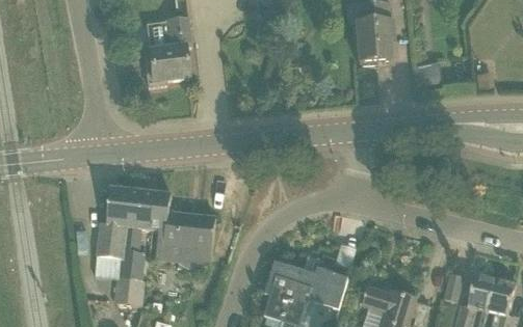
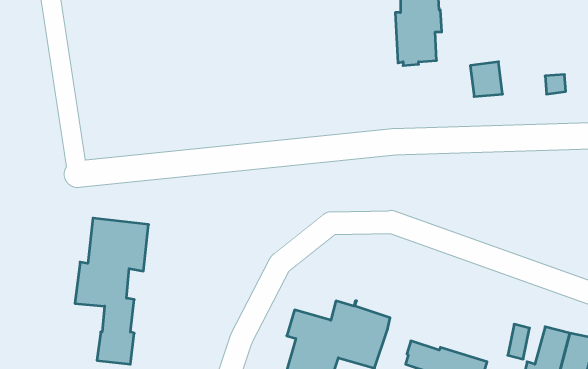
building: [143,17,189,86] -> none
building: [151,192,214,263] -> none

